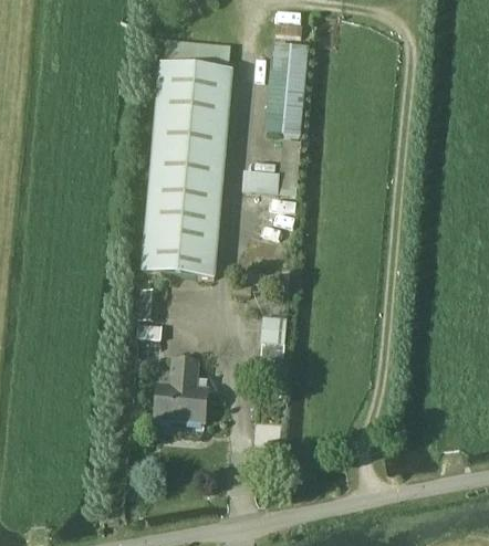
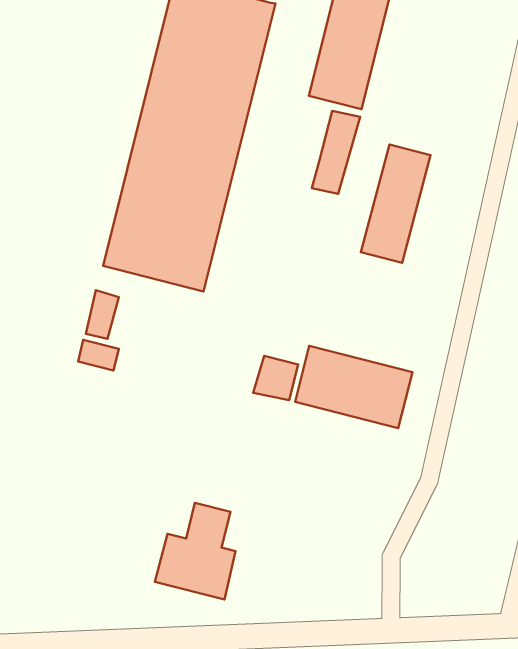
building: none -> [361,144,431,263]
building: none -> [295,346,412,428]
building: [154,357,206,420] -> [155,503,235,599]

